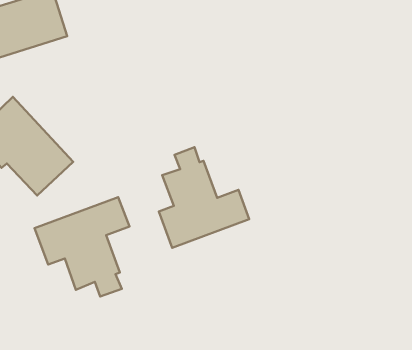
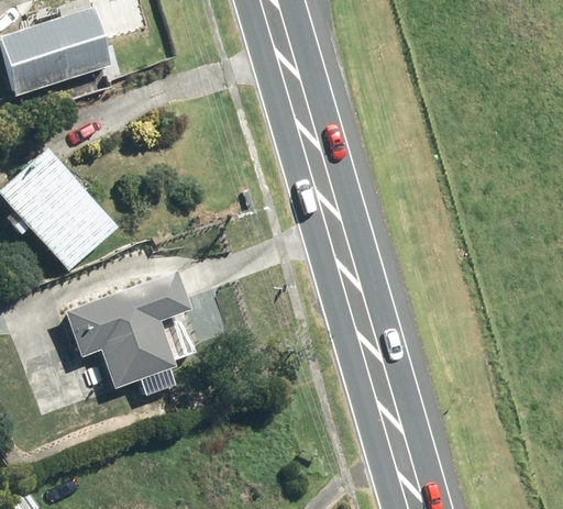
building: [159,147,249,248] -> none

